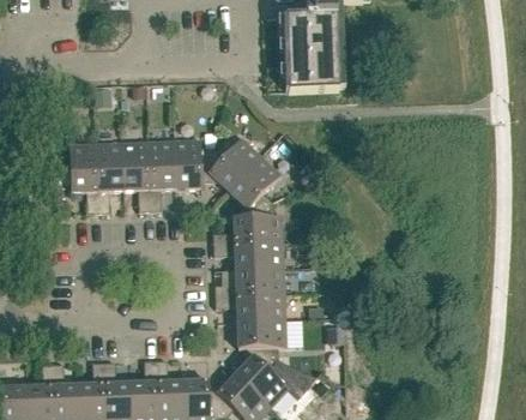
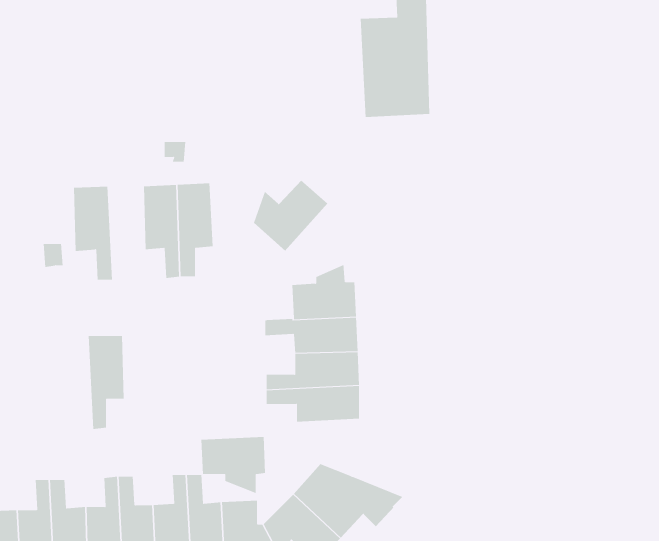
building: [171,140,212,188] -> none
building: [95,143,122,214] -> [88,335,124,430]
building: [228,156,279,211] -> none
building: [236,318,285,361] -> [201,436,266,494]

